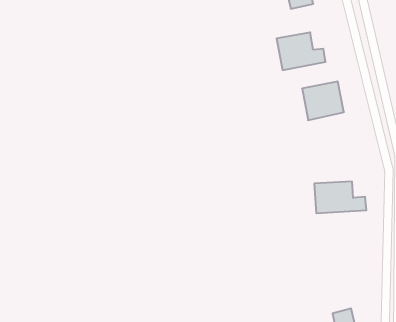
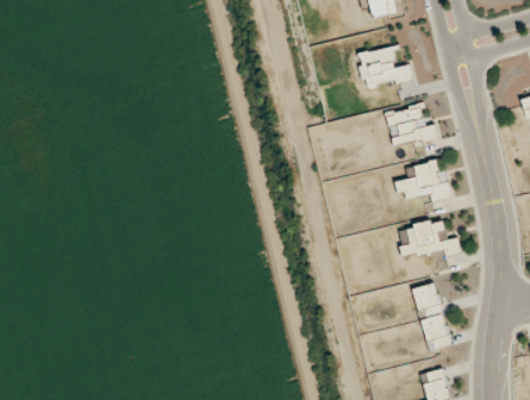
building: none -> [395,158,453,202]
building: none -> [412,282,453,352]

